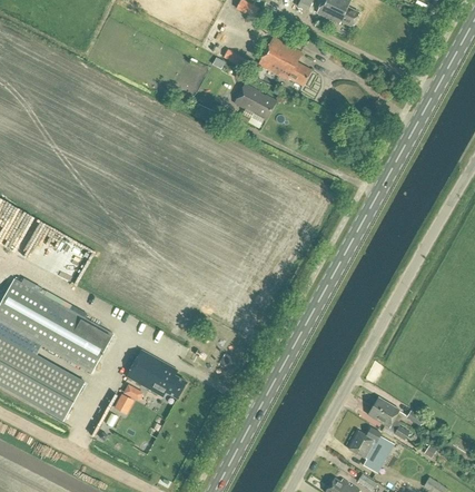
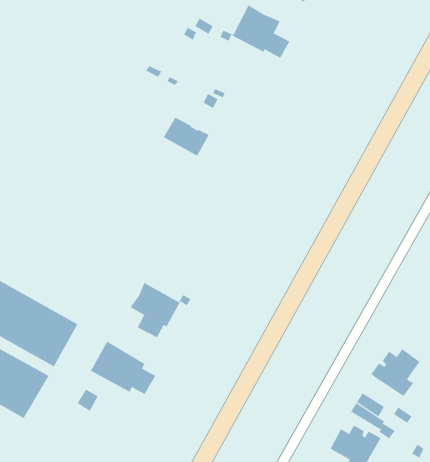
building: [232,83,276,120] -> [163,117,209,156]
building: none -> [130,282,191,338]
building: none -> [371,348,420,397]

